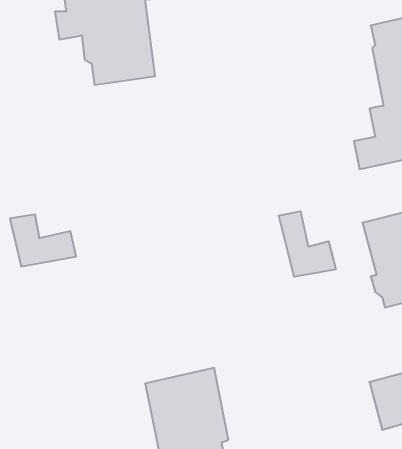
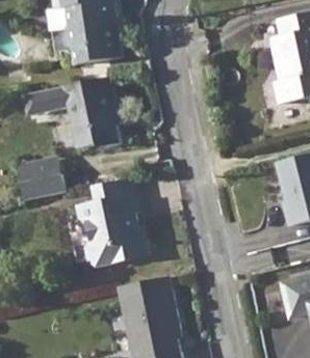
building: none -> [38,78,114,154]
building: [279,211,336,277] -> none
building: none -> [78,176,148,263]

